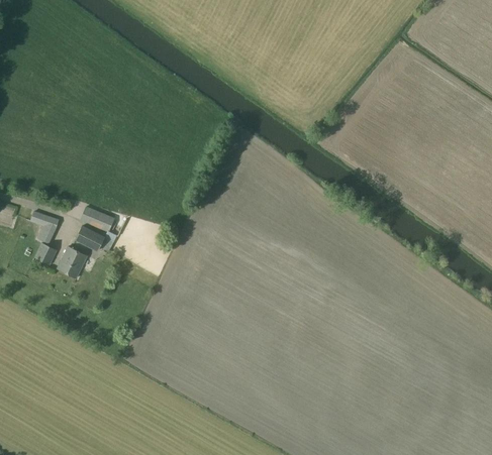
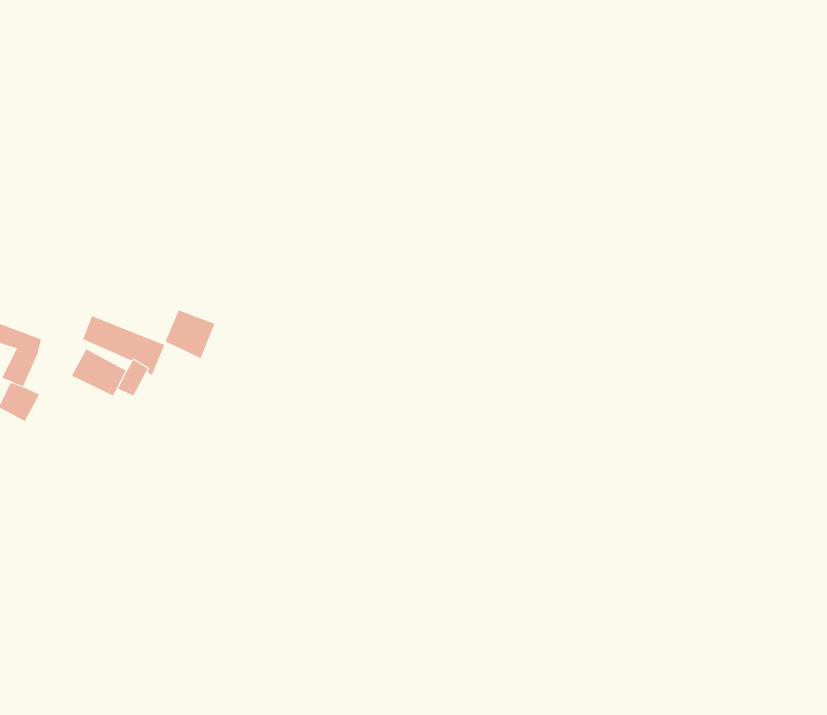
building: none -> [165,310,215,359]
building: [57,246,90,277] -> none

